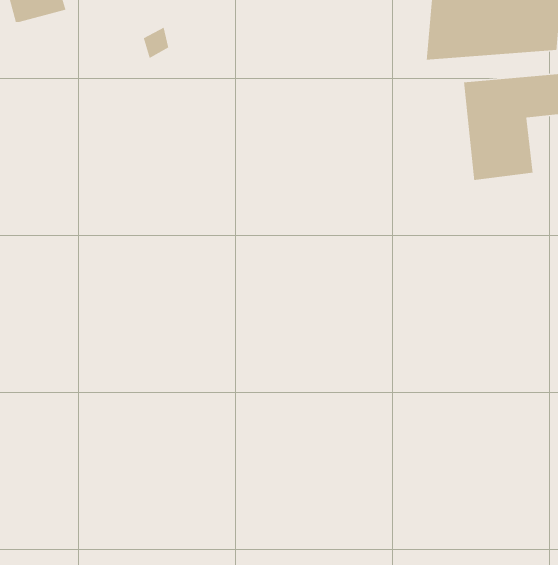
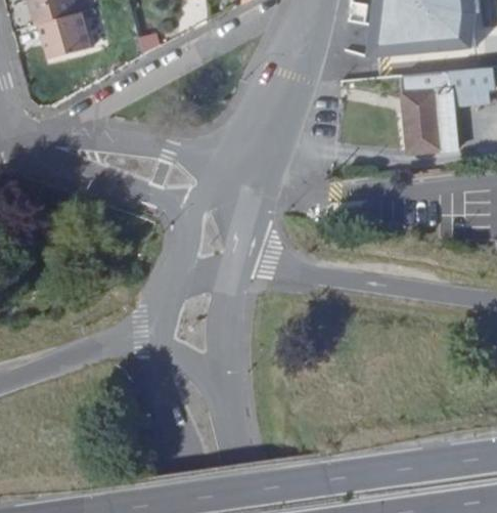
building: none -> [38,12,89,58]

